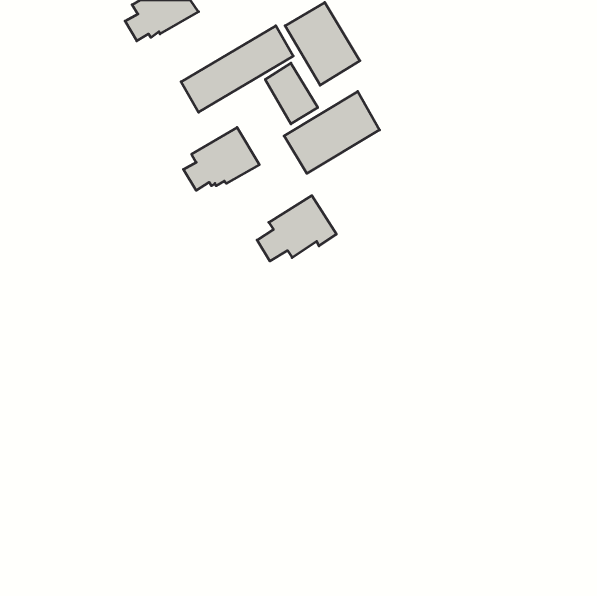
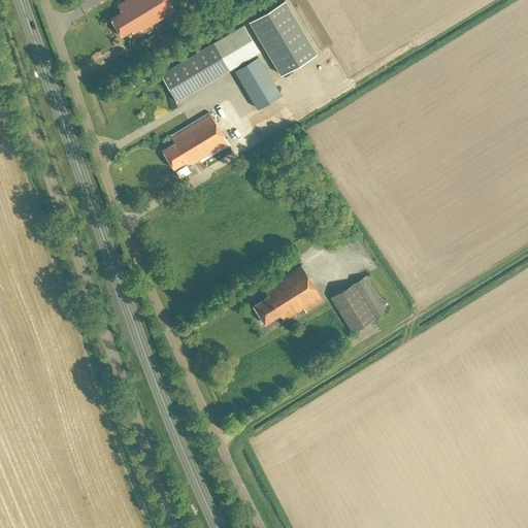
building: [284,91,380,173] -> none
building: [257,196,336,261] -> [253,266,323,324]
building: none -> [330,275,387,332]

